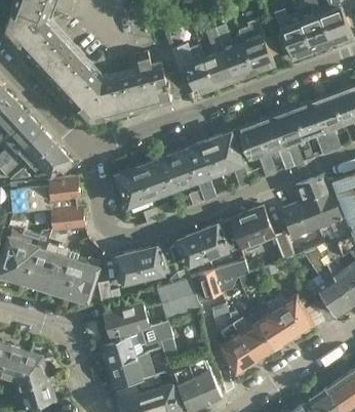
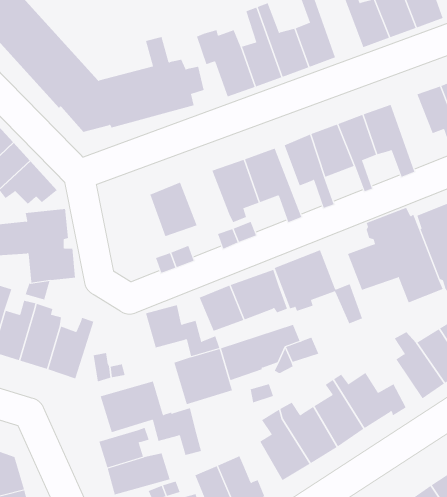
building: [314,94,343,151] -> none
building: [161,150,196,190] -> none
building: [115,167,150,207] -> none
building: [112,253,143,285] -> none

